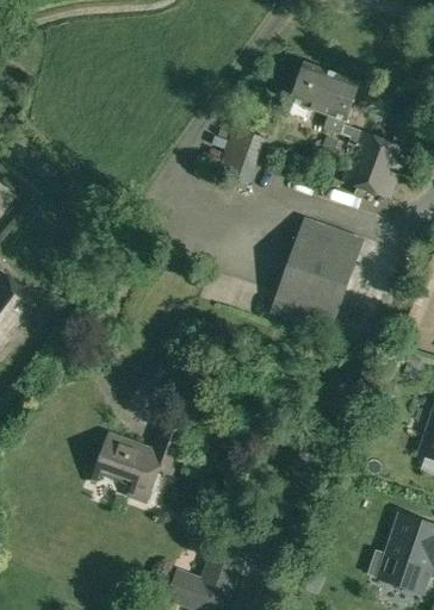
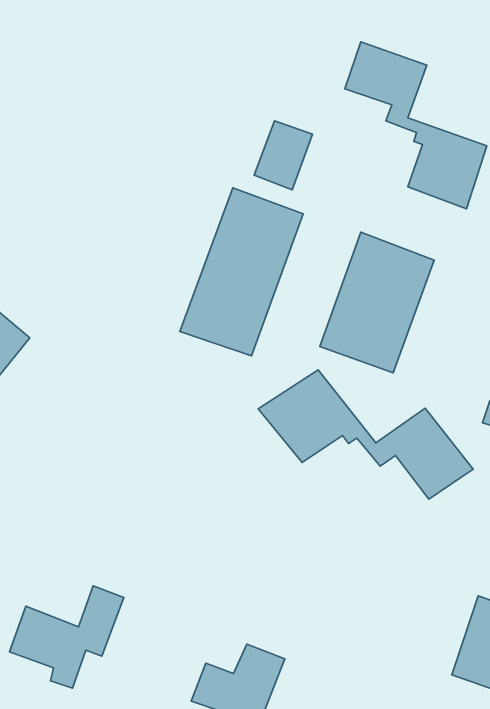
building: none -> [180,188,303,356]
building: none -> [258,370,473,499]
building: [95,417,188,500] -> [10,586,124,688]

